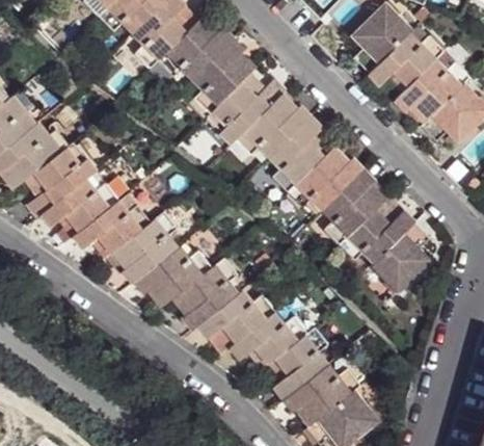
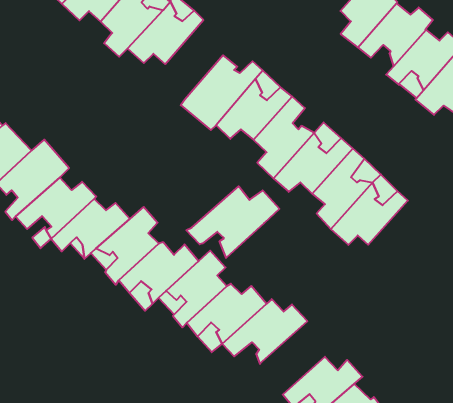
building: [190,38,249,112] -> none
building: none -> [186,186,279,258]
building: [368,219,426,291] -> none
building: [265,324,326,395] -> none

